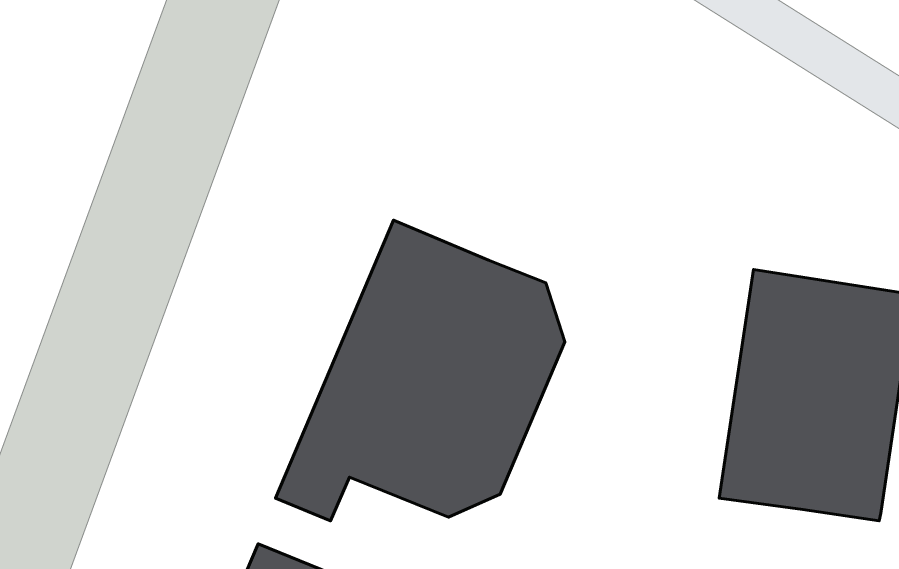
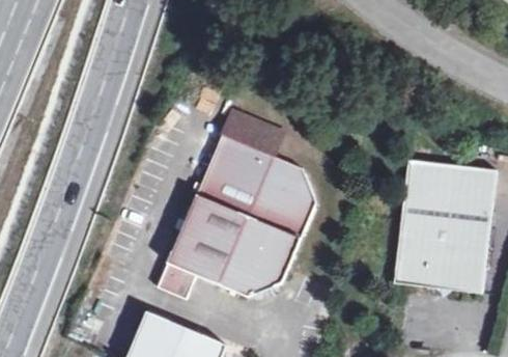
building: none -> [221,111,282,157]

